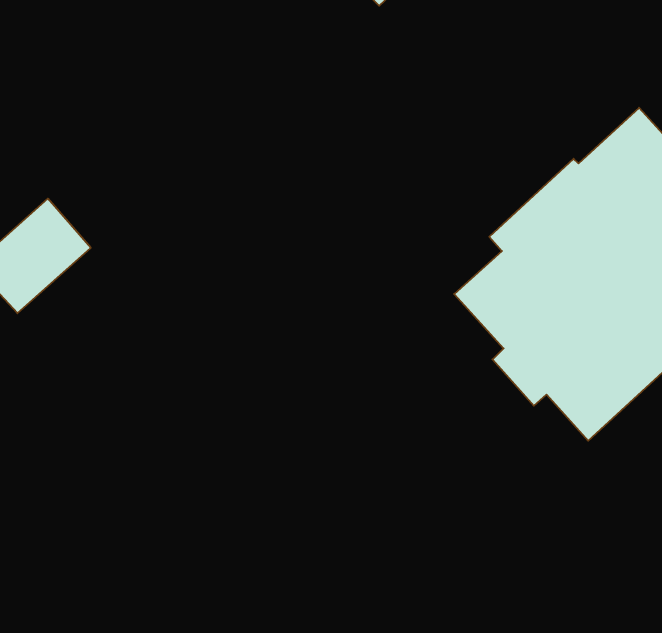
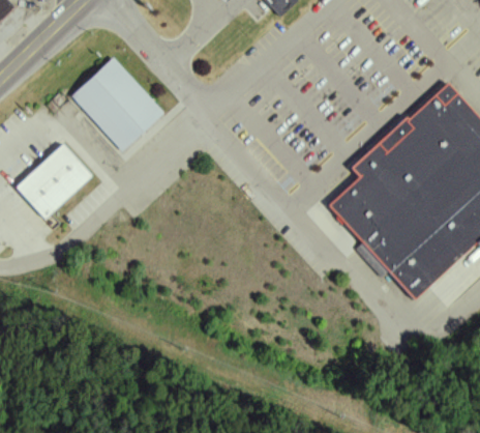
building: none -> [71,56,164,150]

